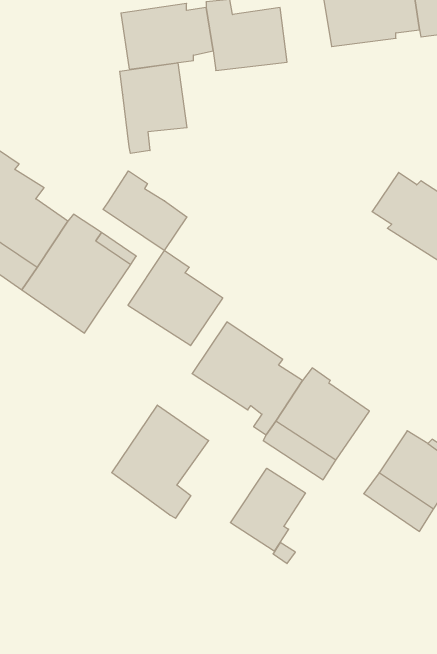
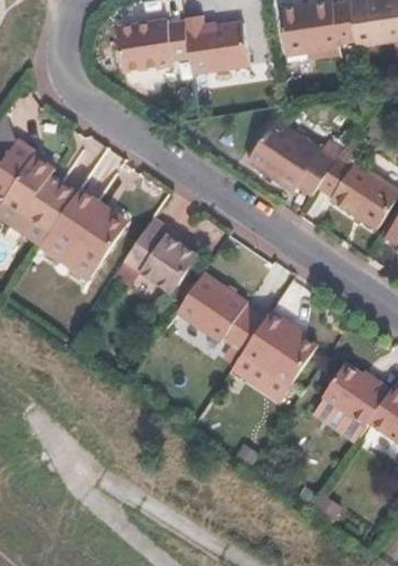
building: [120,63,187,153] -> none
building: none -> [247,122,341,195]
building: [103,171,187,251] -> none
building: [112,405,209,518] -> none
building: [230,468,305,551] -> none

